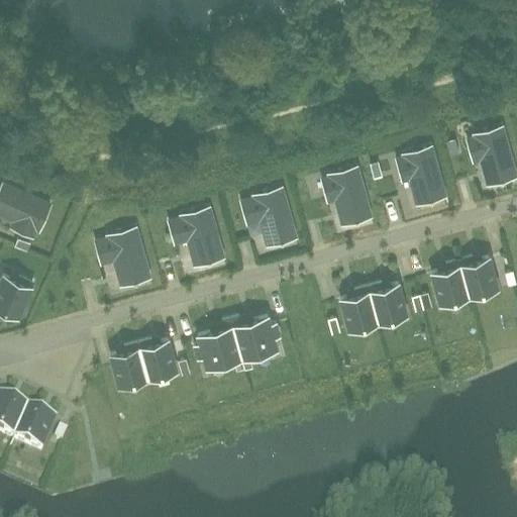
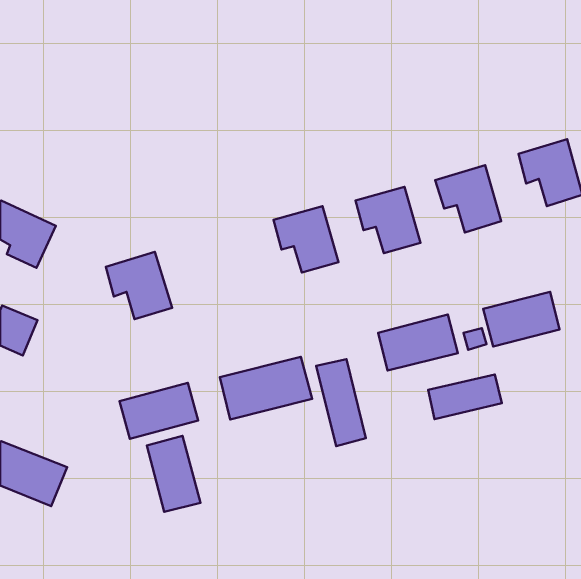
building: [171,207,229,266] -> none
building: none -> [316,359,366,446]
building: none -> [428,375,502,419]
building: none -> [147,436,200,512]

